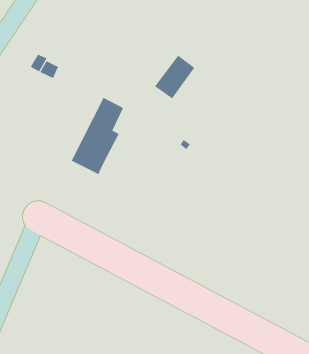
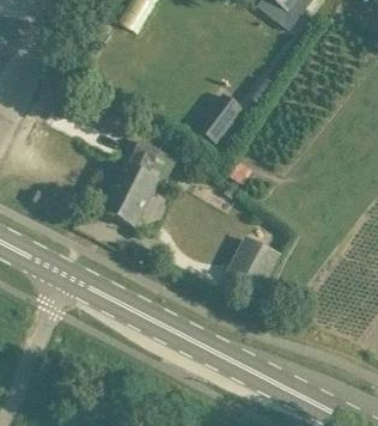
building: none -> [228,237,279,290]

